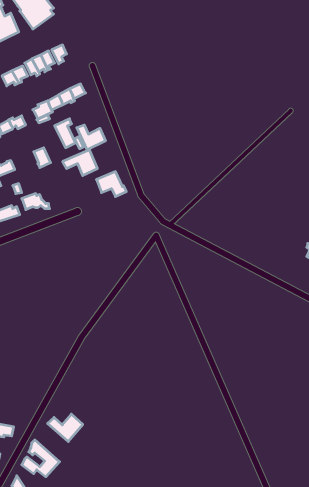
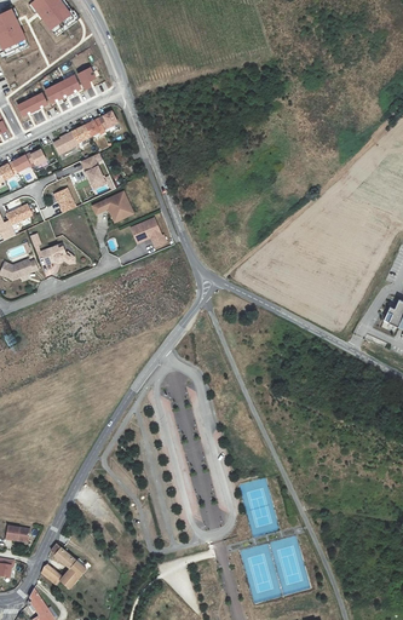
building: [77,125,105,150] -> none
building: [48,414,83,442] -> none

